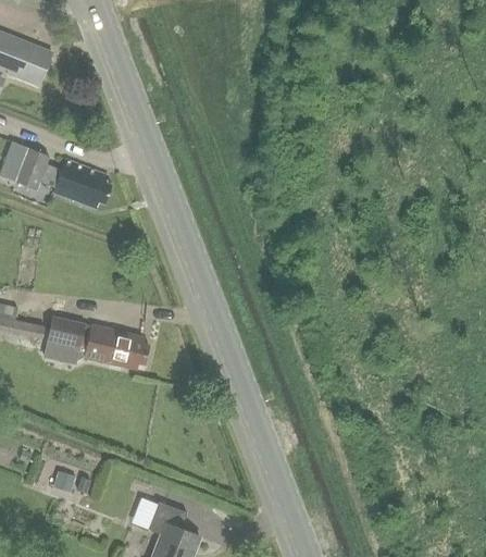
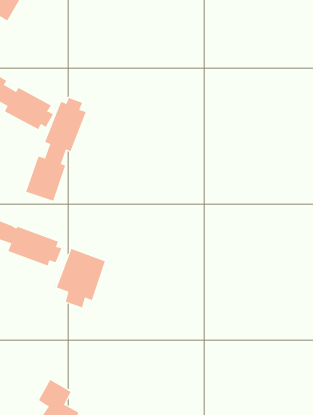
building: none -> [26,97,87,202]
building: none -> [56,248,106,308]

